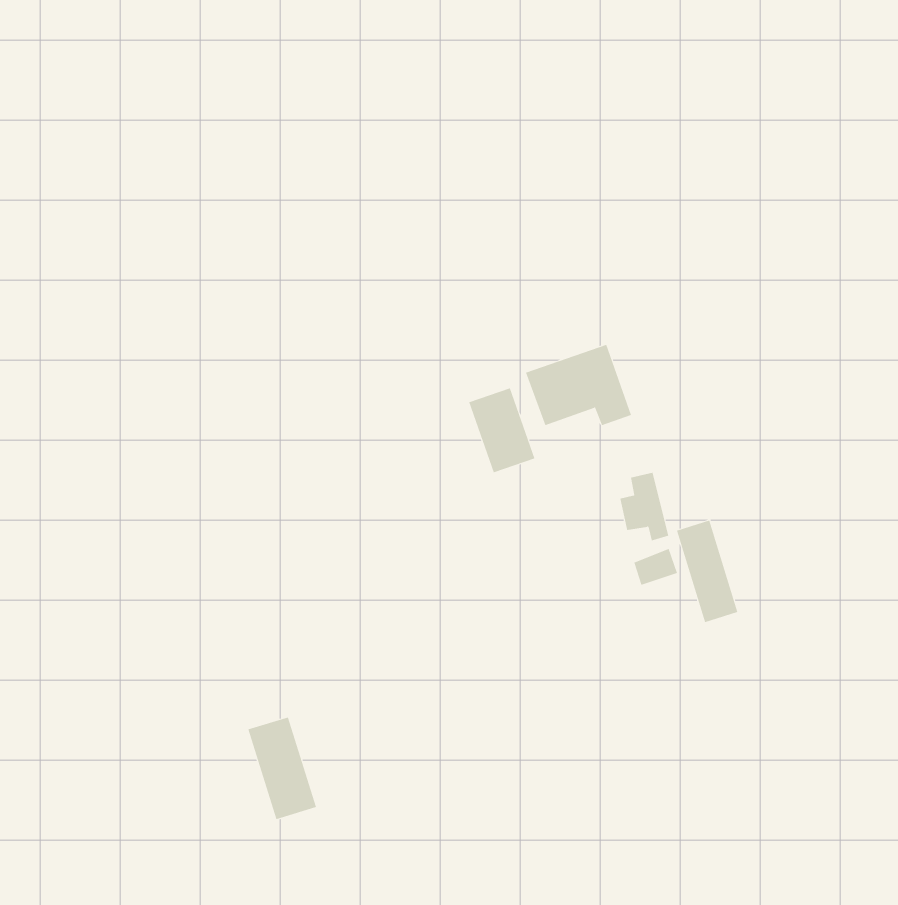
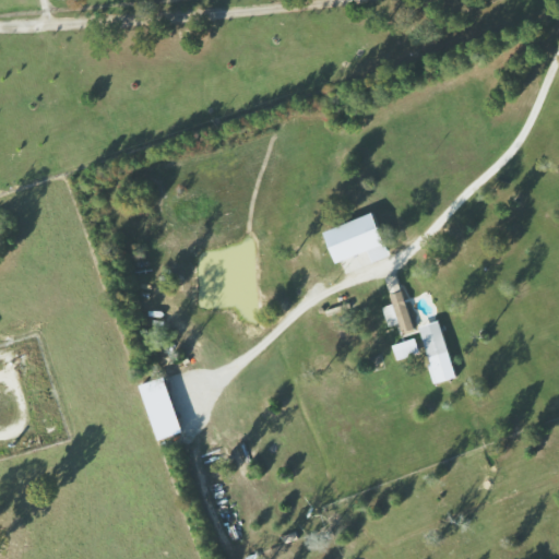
building: [468,387,535,473] -> none
building: [248,717,317,820] -> [139,377,181,440]

